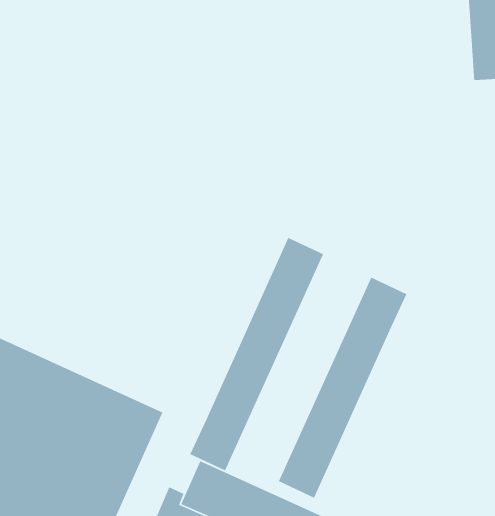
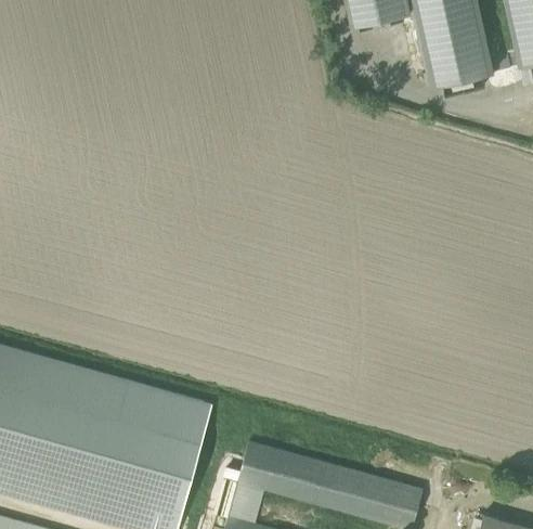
building: [189,237,324,472] -> none
building: [278,277,407,499] -> none

